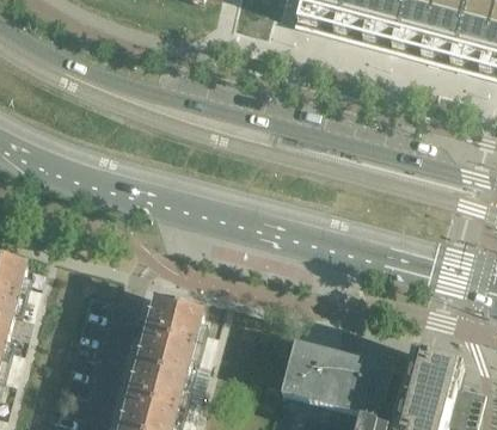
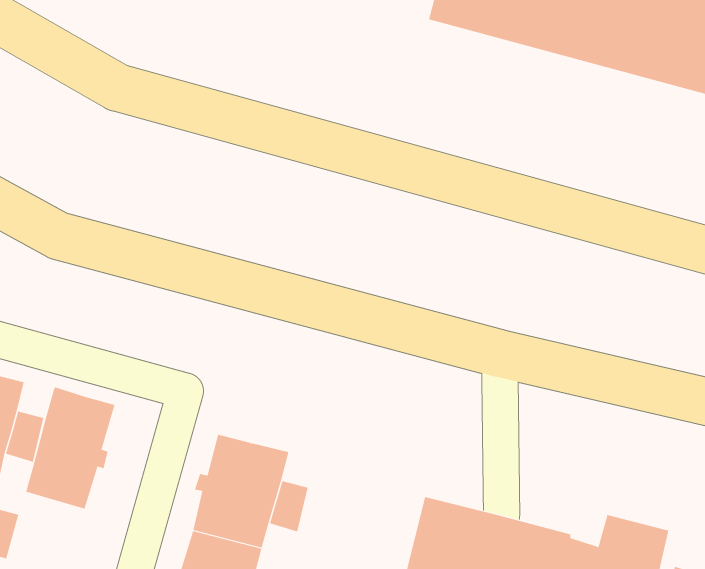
building: none -> [26,386,115,509]

